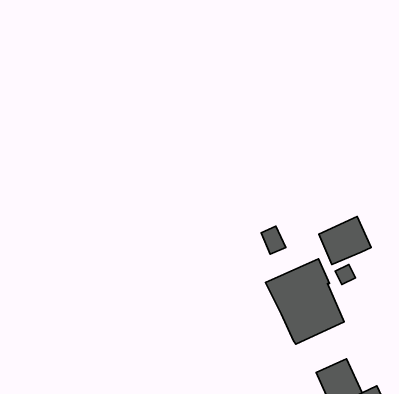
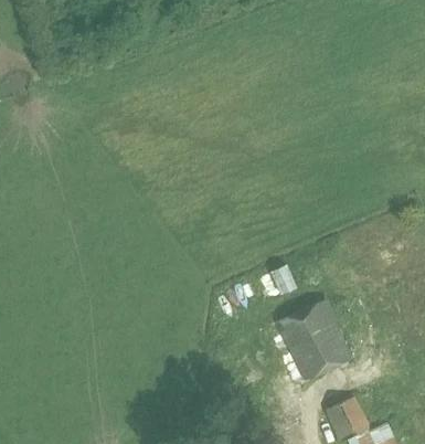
building: [319,217,371,265] -> none

